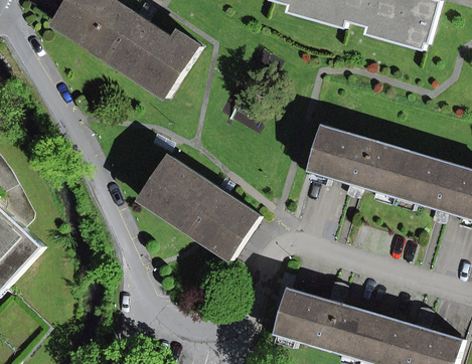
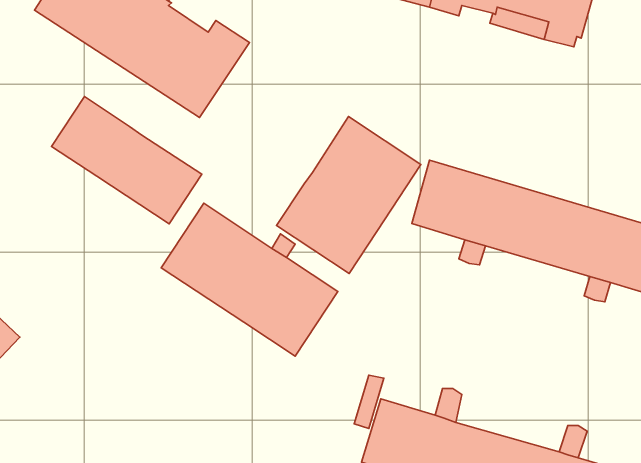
building: none -> [52,97,202,224]
building: none -> [276,117,421,273]

